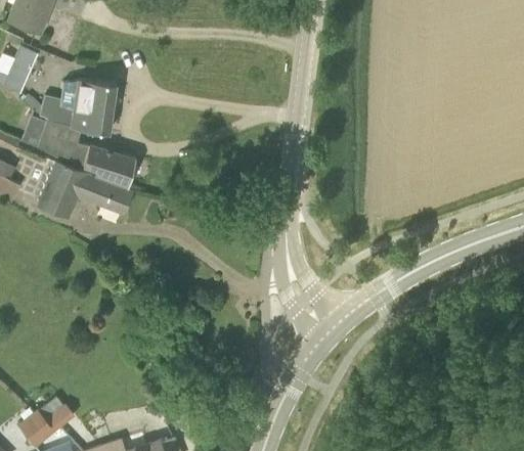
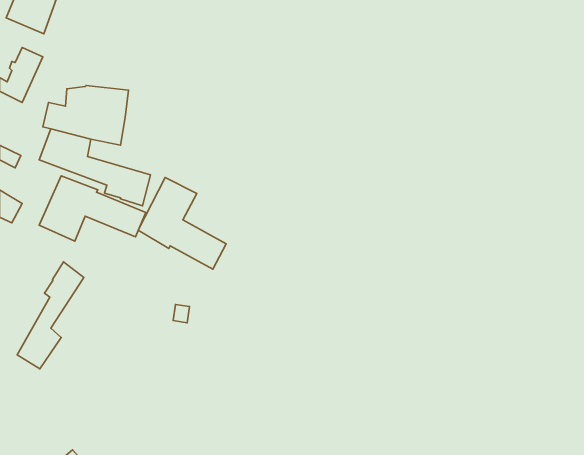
building: none -> [138,178,226,269]
building: none -> [17,262,84,369]

